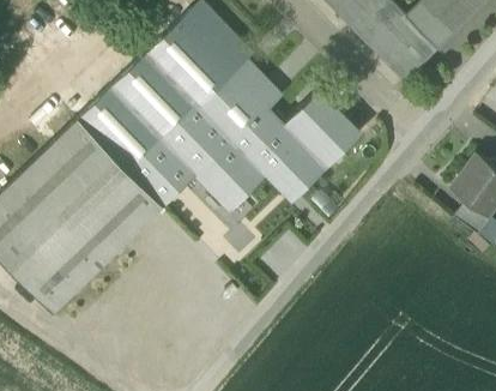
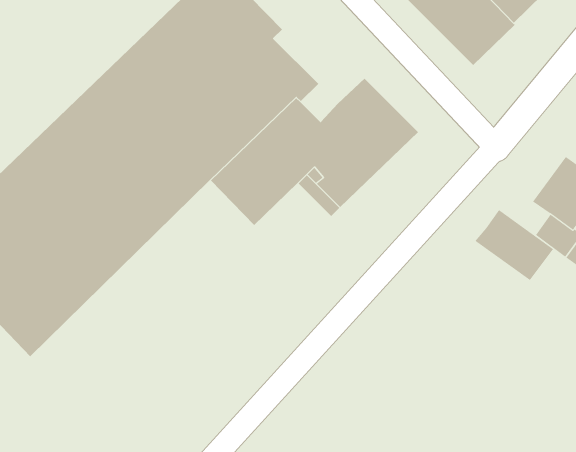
building: none -> [475,209,554,281]

